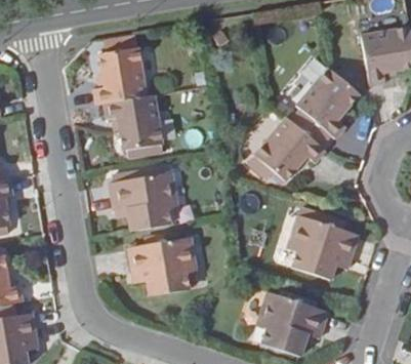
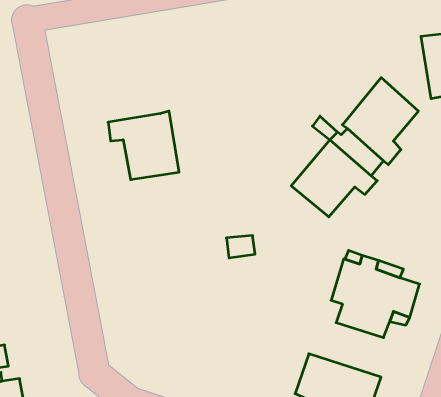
building: [95,45,148,103] -> none
building: [111,171,178,232] -> none
building: [128,237,197,296] -> none

